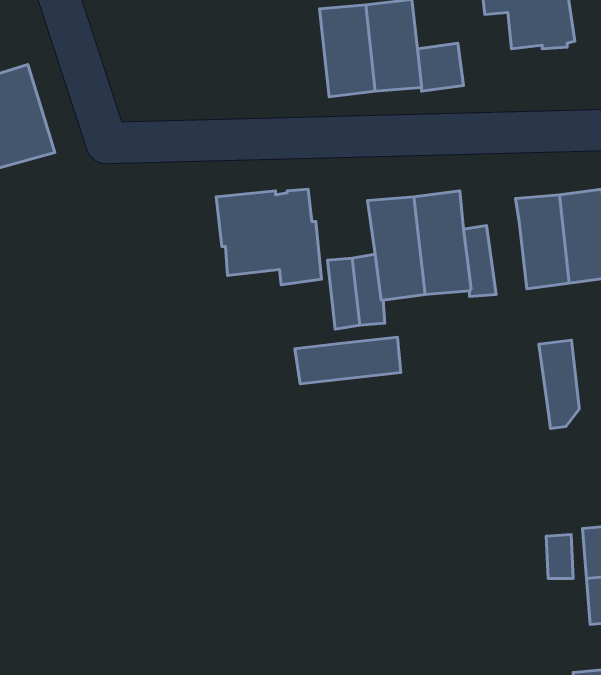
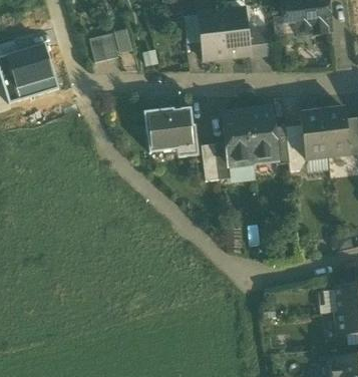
building: none -> [89,34,118,63]
building: [295,337,401,384] -> none
building: [539,340,579,429] -> [285,125,306,171]

